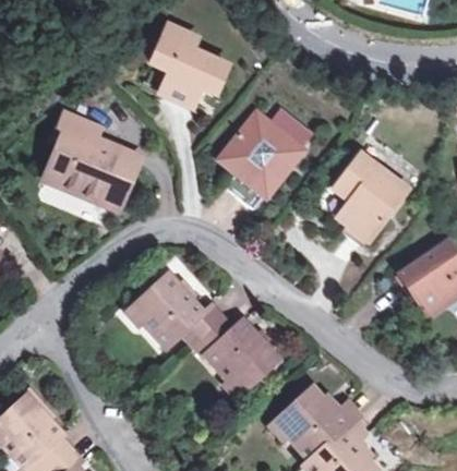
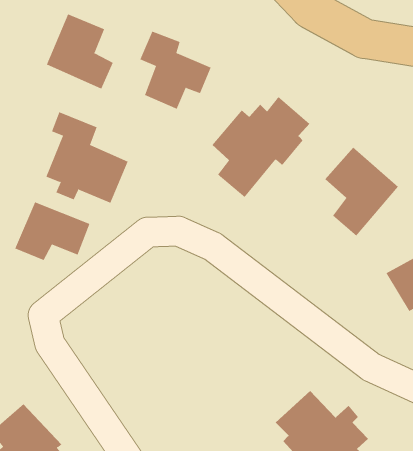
building: none -> [46,14,113,90]
building: none -> [15,201,90,261]
building: [134,277,282,391] -> none

